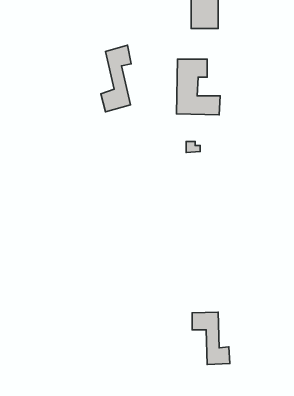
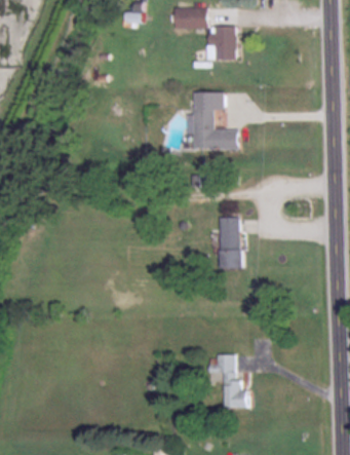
building: [101,45,131,112] -> none
building: none -> [221,218,239,267]

